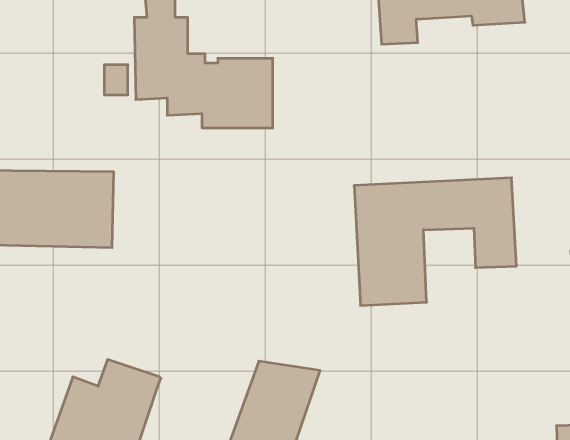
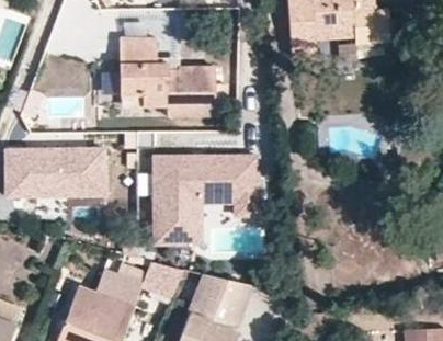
building: [354,178,516,305] -> [151,154,264,242]
building: none -> [135,259,175,304]

